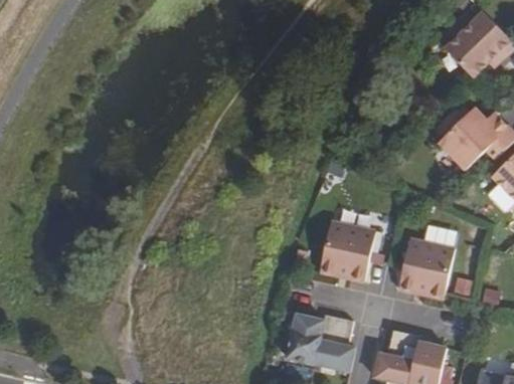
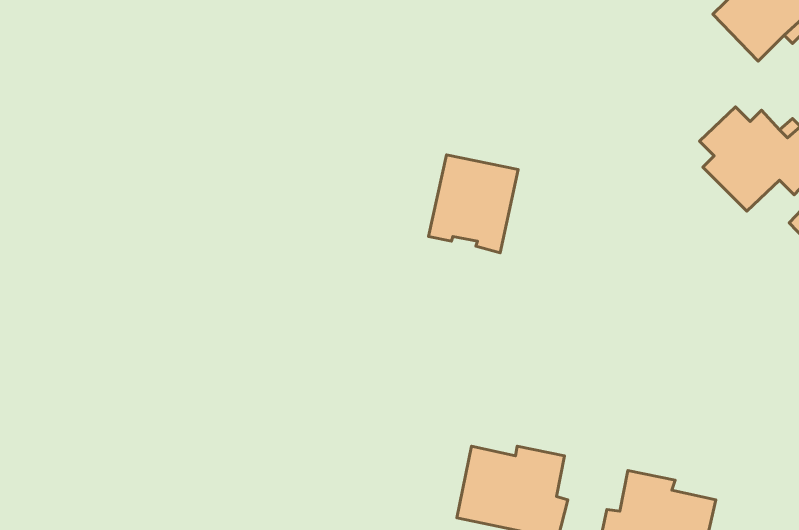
building: [320,221,375,281] -> [429,155,518,253]
building: [398,238,455,300] -> none

